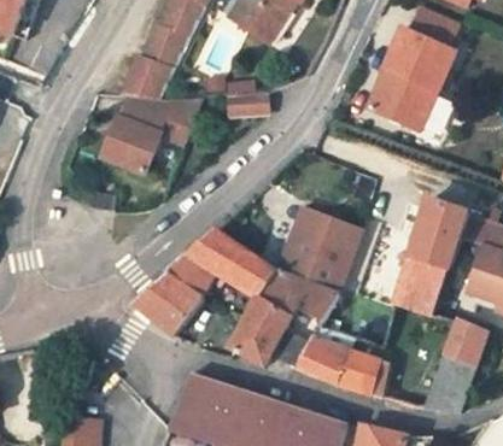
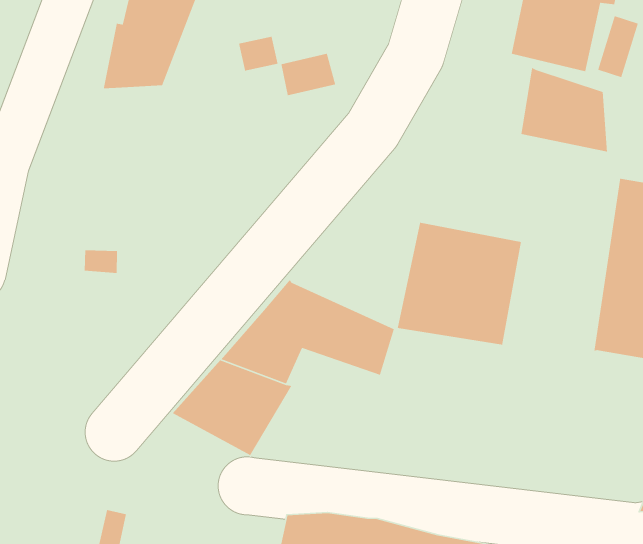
building: [101,96,199,172] -> none
building: none -> [521,67,608,153]
building: [228,271,340,364] -> none
building: [293,335,380,397] -> none

